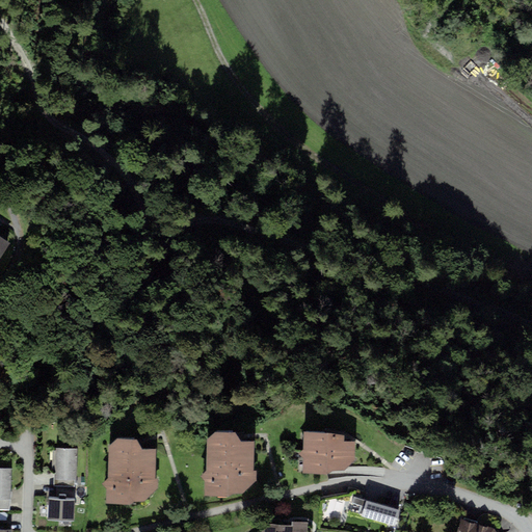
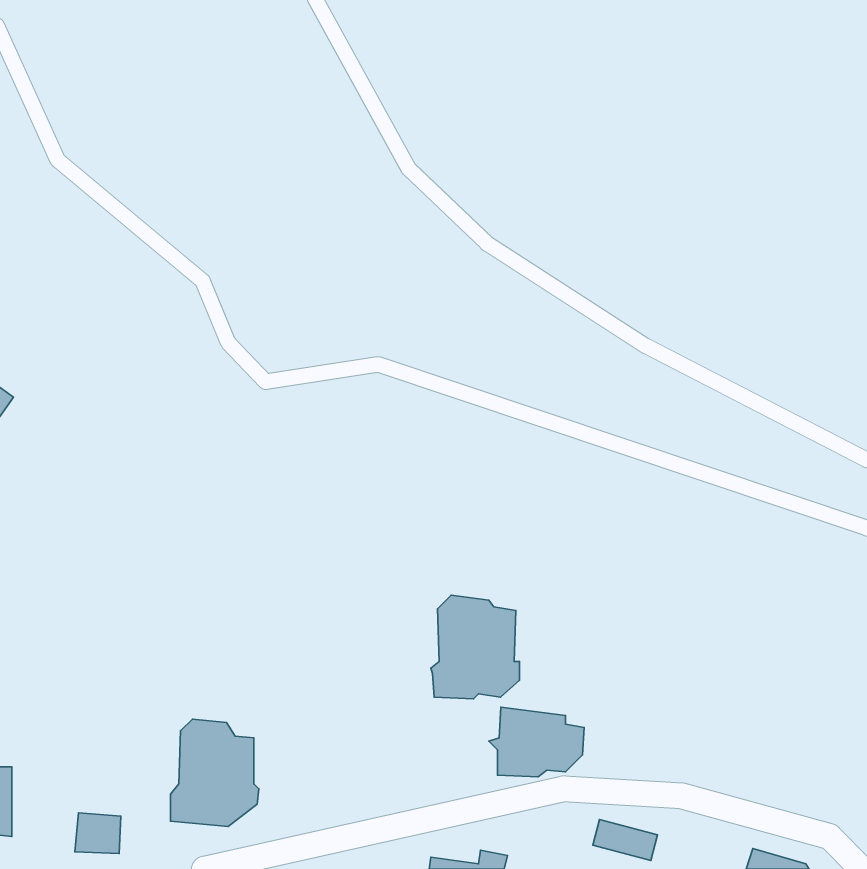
building: [203,432,257,496] -> [431,595,519,699]
building: [53,447,74,486] -> none

